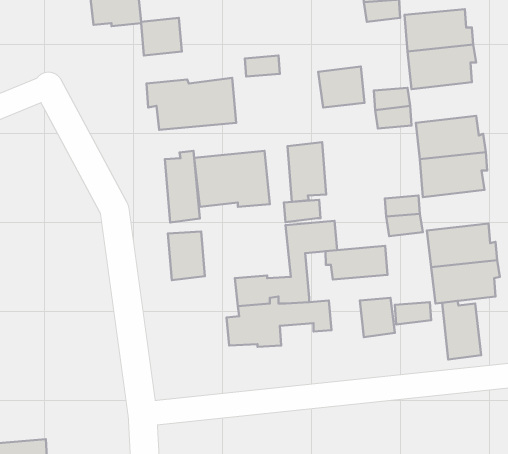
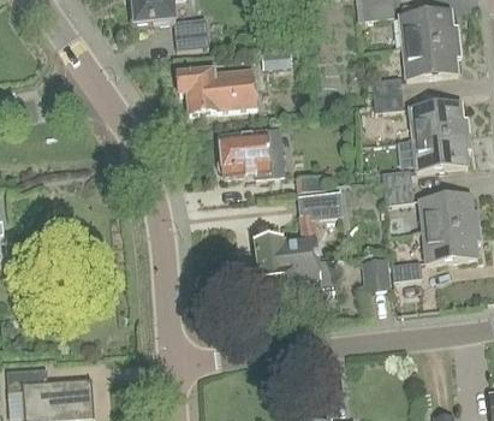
building: [318,67,364,108] -> none
building: [287,142,326,202] -> none
building: [165,151,200,223] -> none
building: [168,231,205,280] -> none
building: [325,246,388,279] -> none
building: [442,301,481,360] -> none

